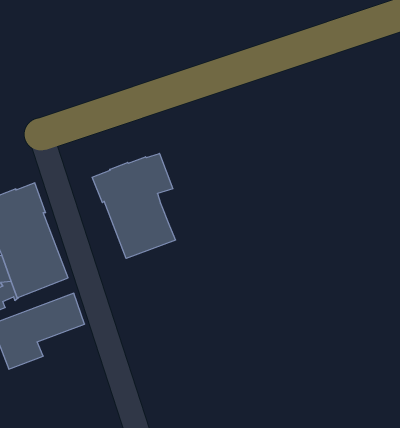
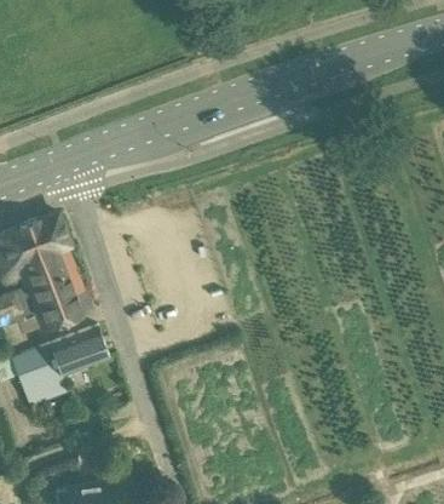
building: [92,153,175,258] -> none

